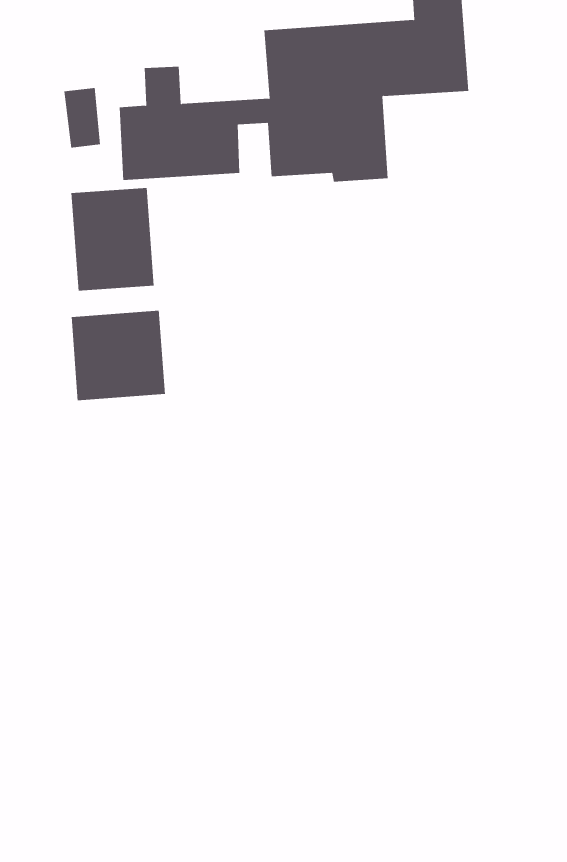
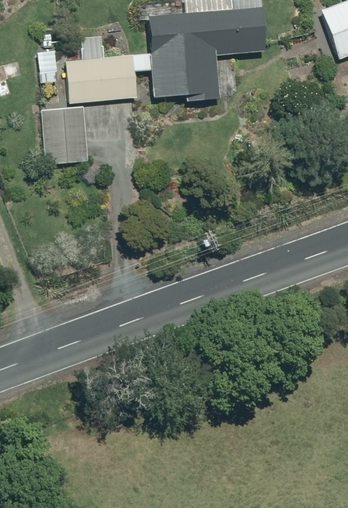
building: [71,310,165,401] -> none

